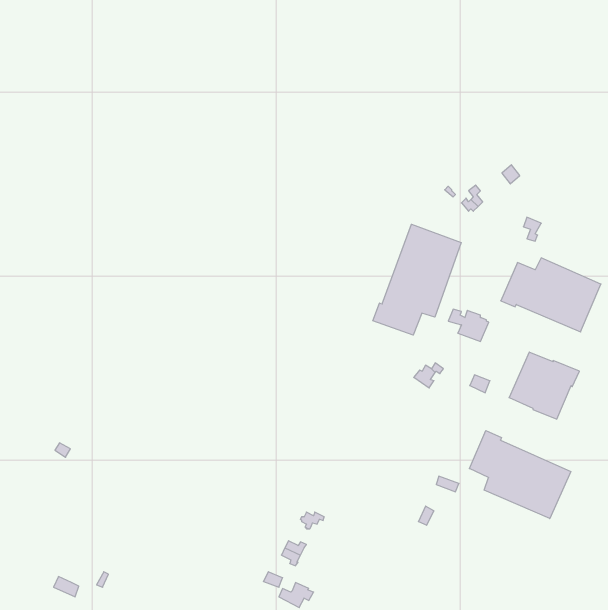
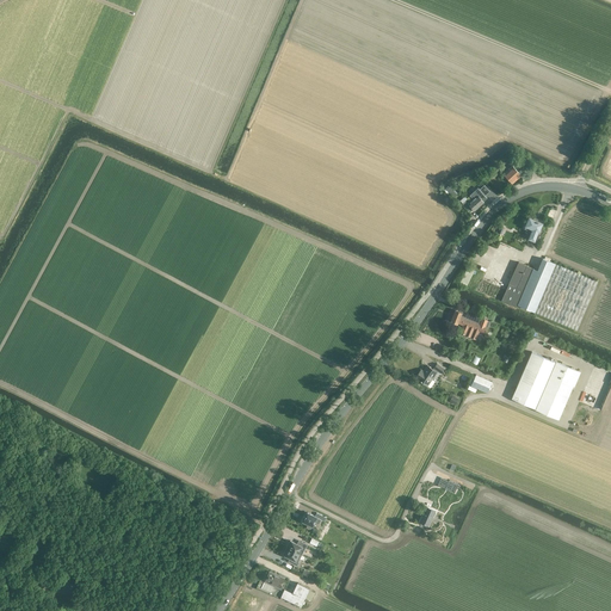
building: [373,224,461,335] -> none
building: [469,431,571,519] -> none

